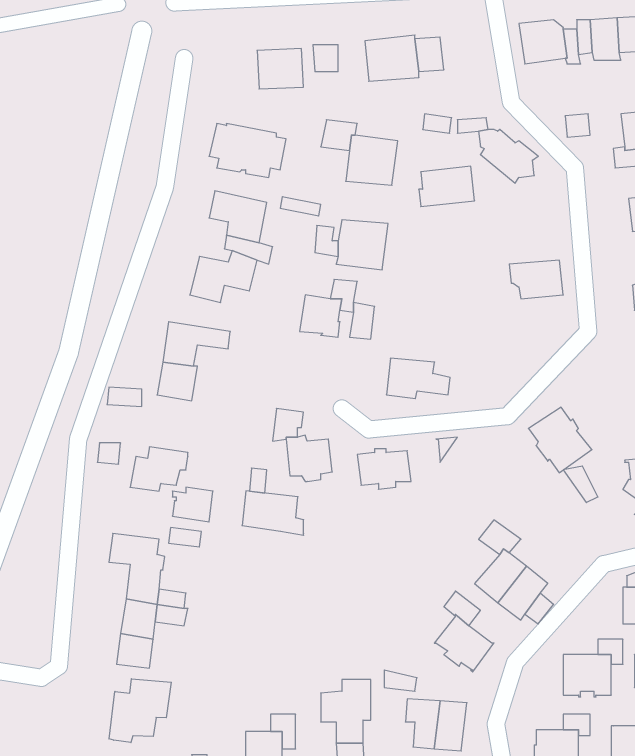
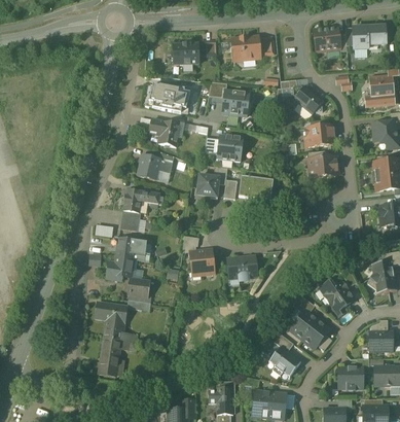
building: [419,166,475,207] -> [304,126,334,147]
building: [386,358,450,399] -> [239,176,272,198]
building: [528,407,592,473] -> [320,277,354,312]
building: [242,491,304,535] -> [116,238,149,261]
building: [109,679,171,743] -> none

